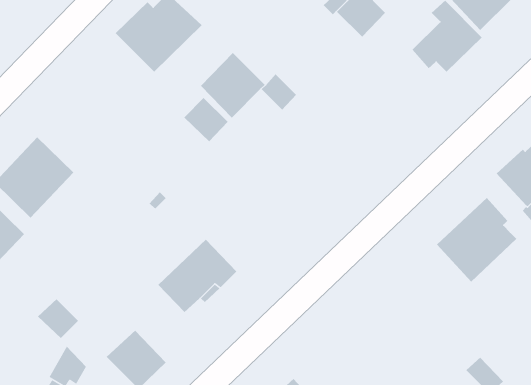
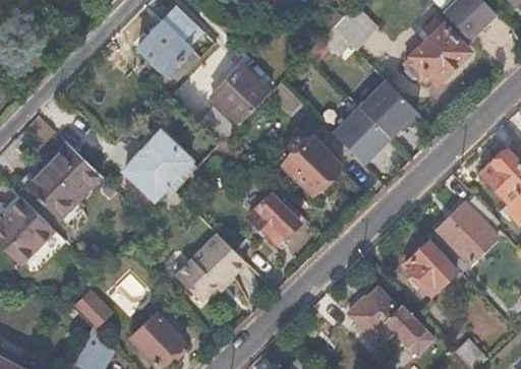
building: none -> [329,78,417,165]
building: none -> [126,130,193,197]
building: none -> [283,138,341,191]
building: none -> [248,195,299,241]
building: none -> [404,245,454,296]
building: none -> [349,290,433,357]

